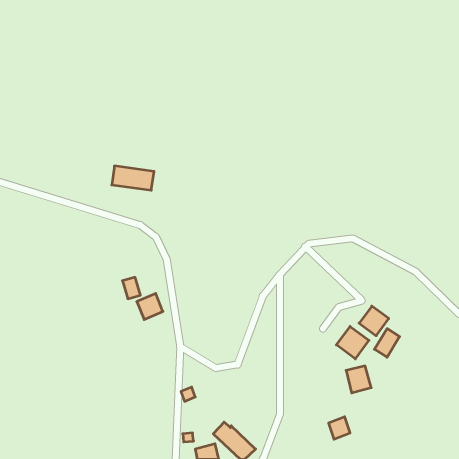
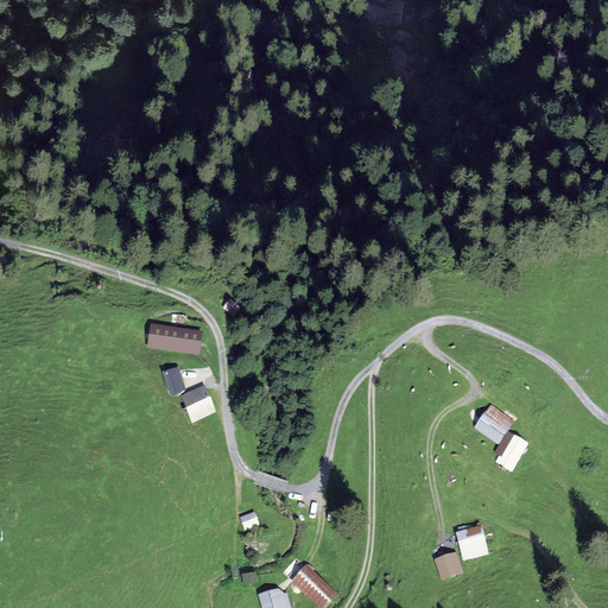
building: [112,166,154,190] -> [146,323,202,355]
building: [336,326,369,359] -> none
building: [346,366,371,393] -> [455,524,488,559]

